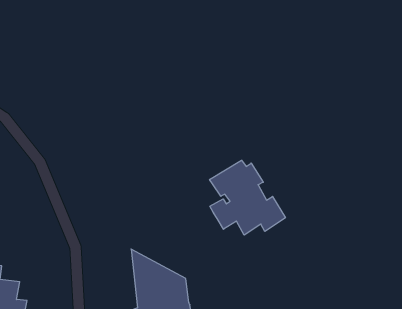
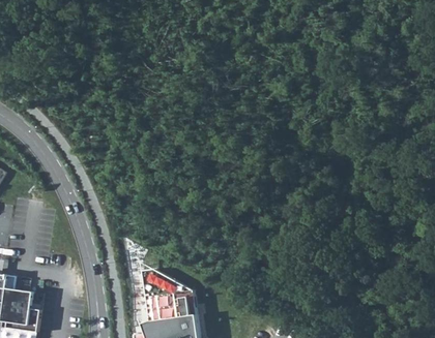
building: [210,160,285,235] -> none

